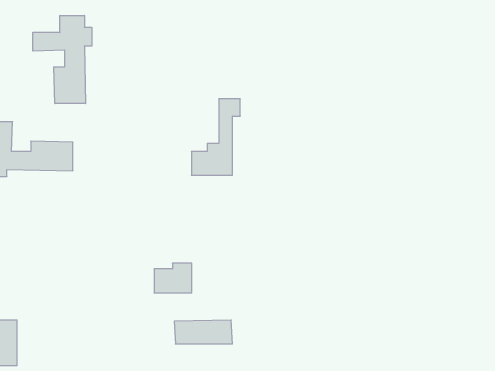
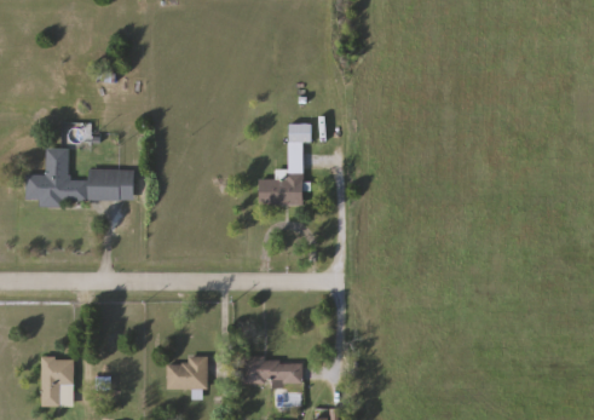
building: [33,15,92,104] -> none
building: [154,263,192,293] -> [167,357,207,389]

